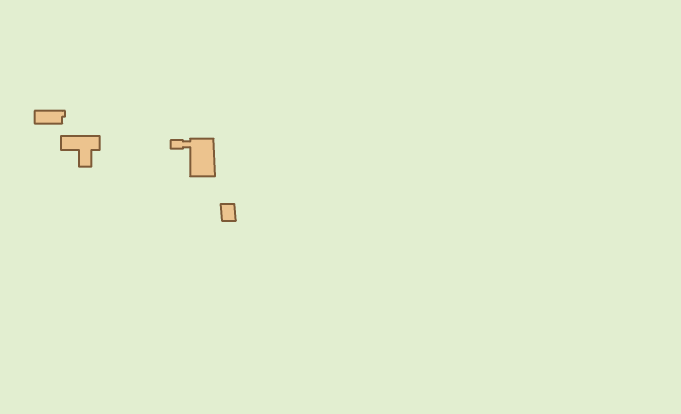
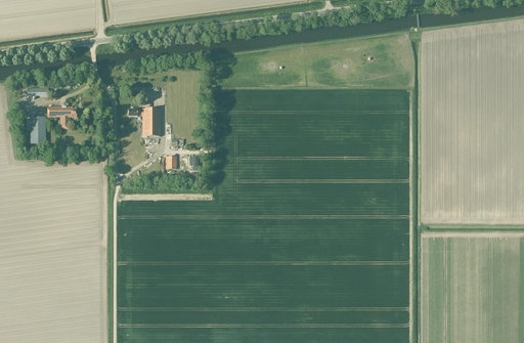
building: none -> [30,116,45,142]

